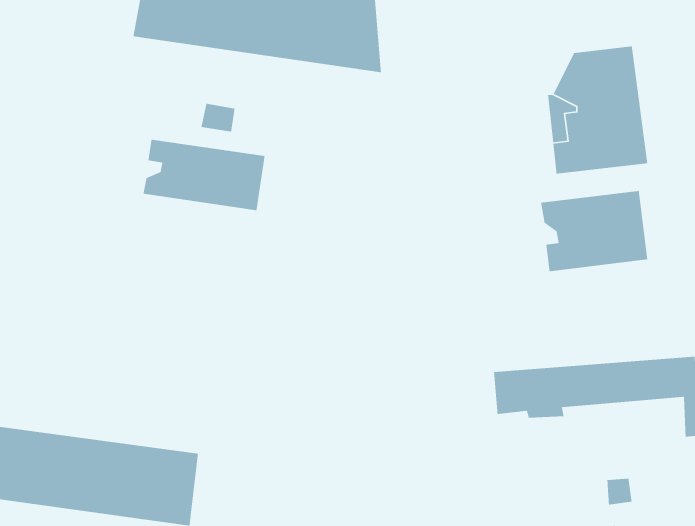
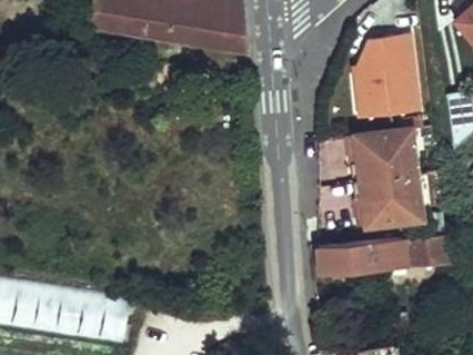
building: [142,139,265,211] -> none
building: none -> [354,172,422,224]

